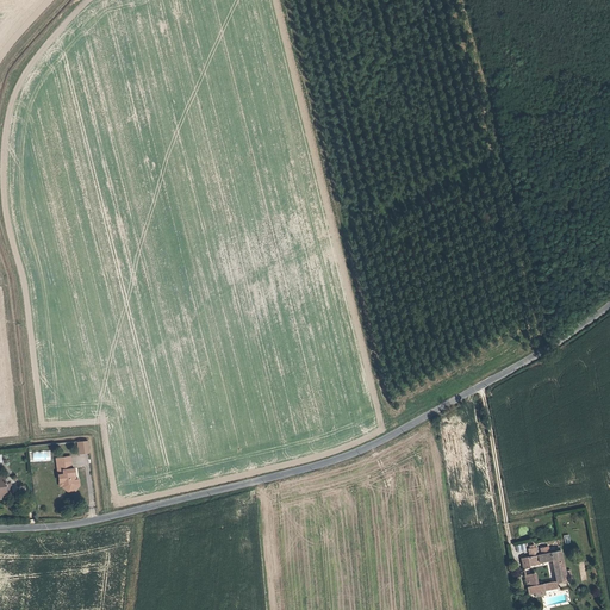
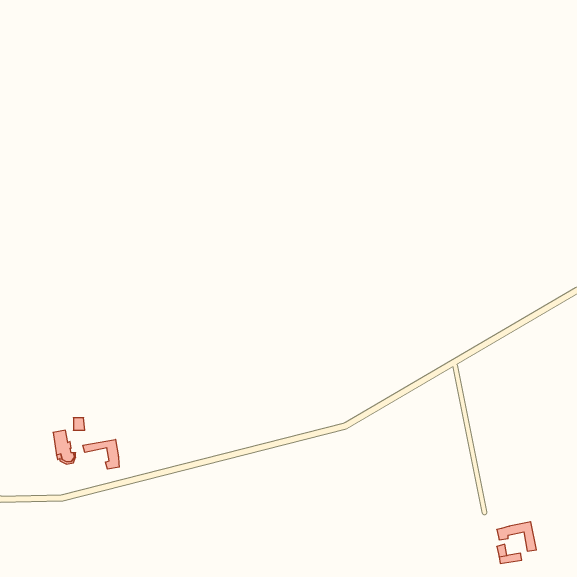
building: none -> [83,439,119,469]

